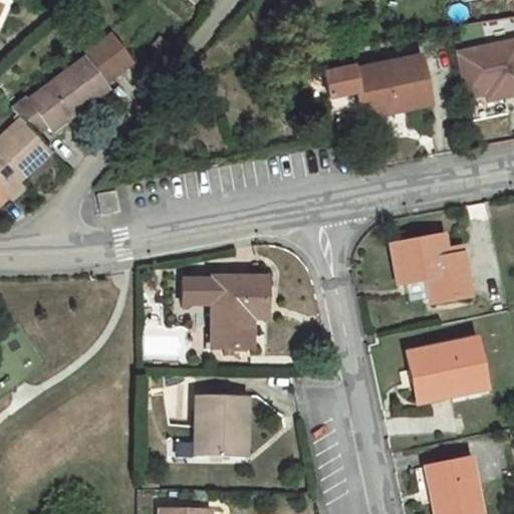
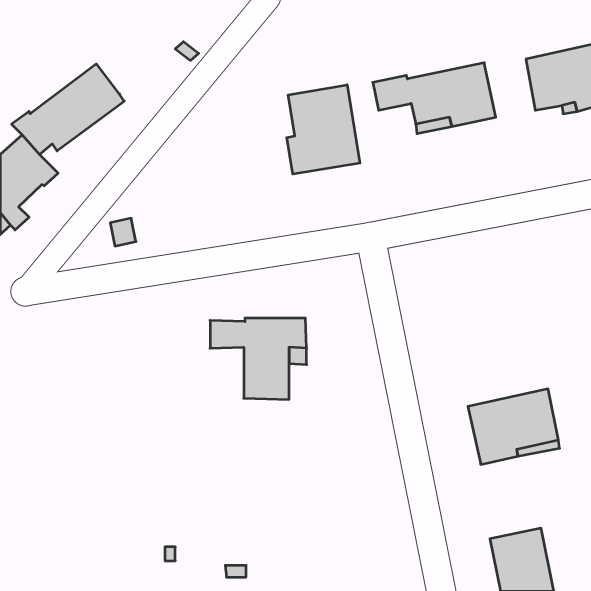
building: [84,32,134,81] -> none
building: none -> [287,85,360,174]
building: [392,234,470,301] -> none
building: [197,394,247,455] -> none

